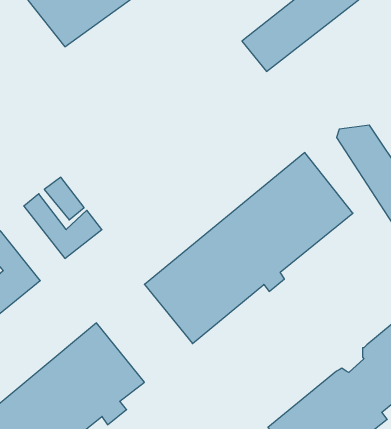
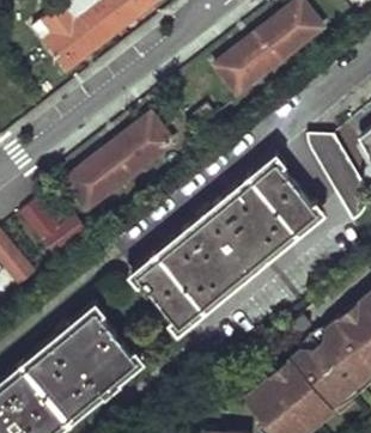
building: none -> [74,114,178,205]

